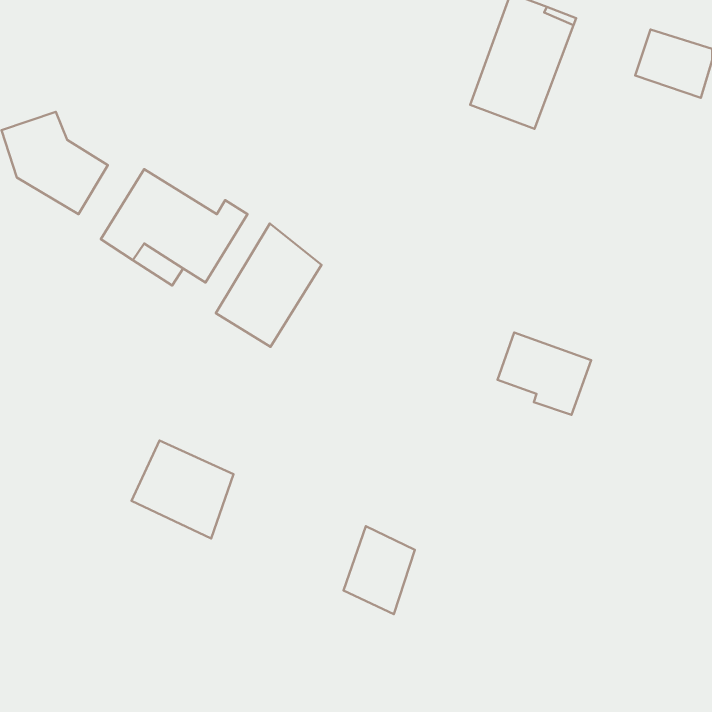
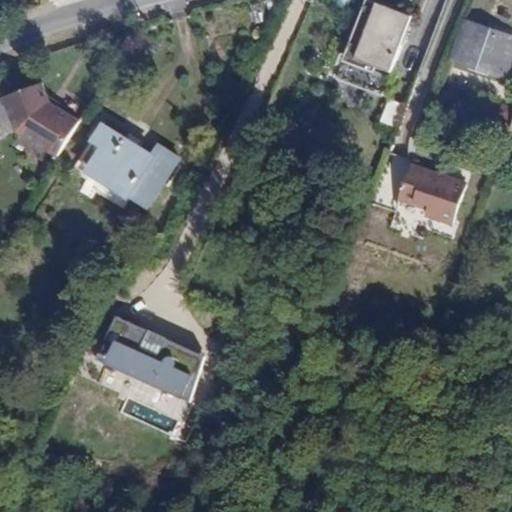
building: [216,224,322,347] -> none
building: [497,332,591,415] -> [396,166,463,225]
building: [343,526,415,614] -> [151,339,202,402]

